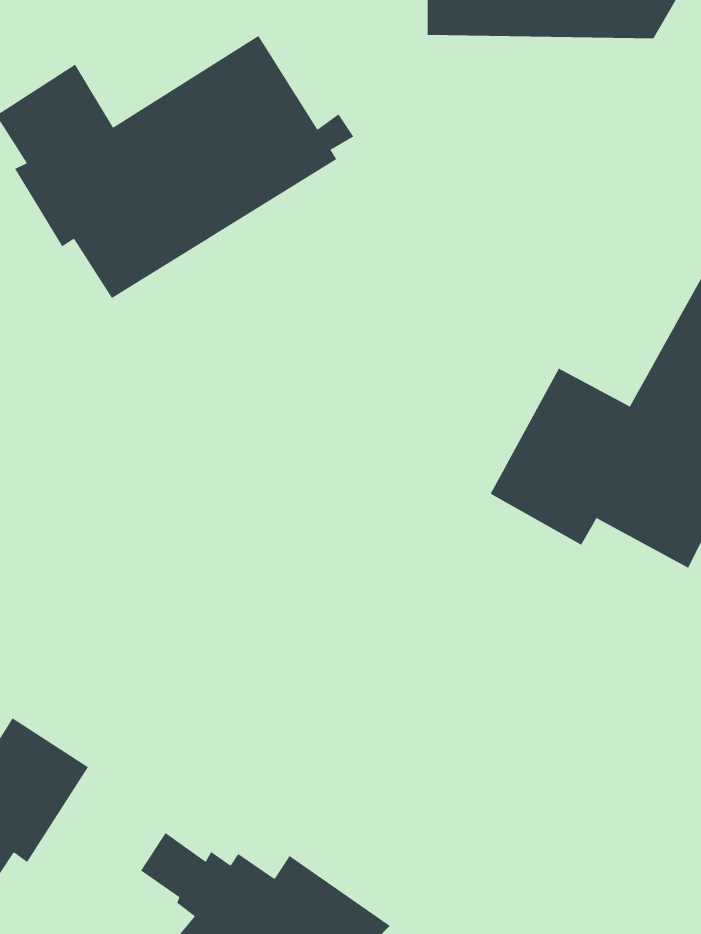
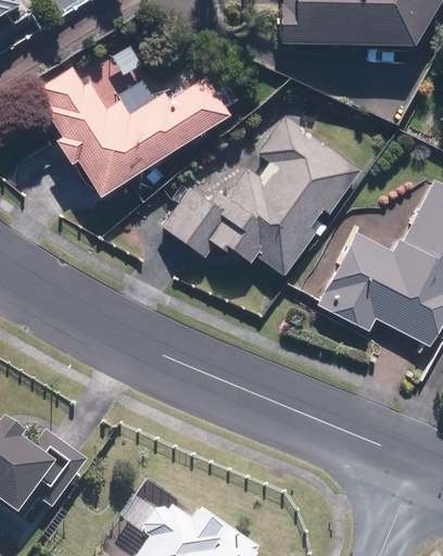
building: none -> [162,113,362,275]

